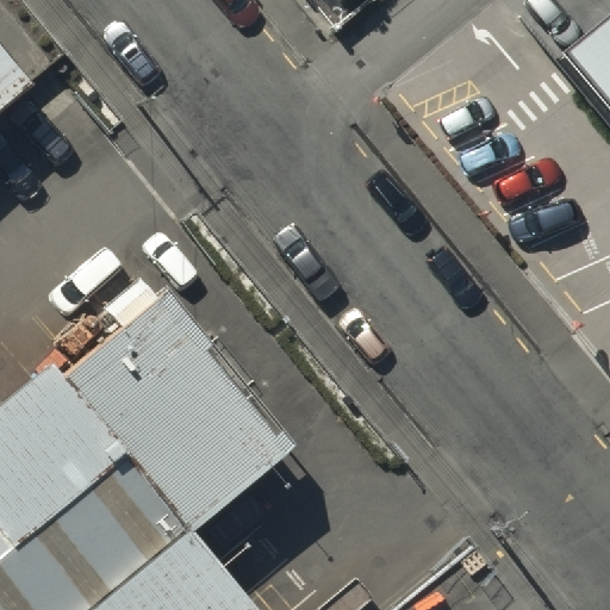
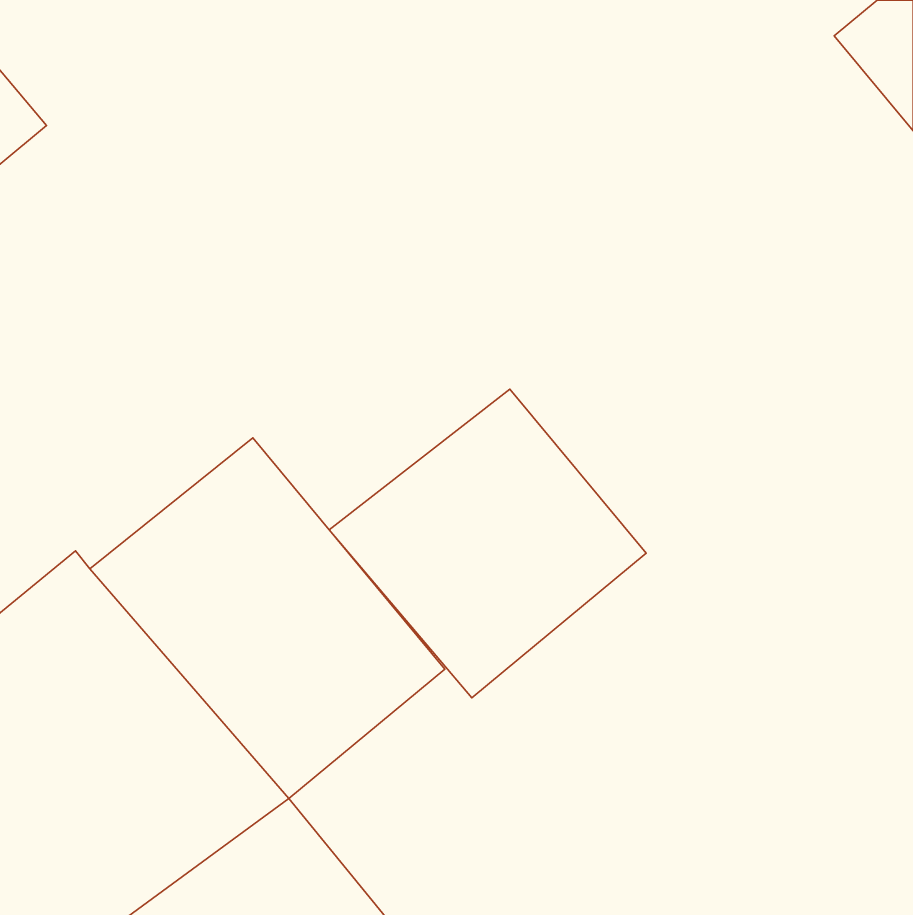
building: none -> [329,389,646,698]

